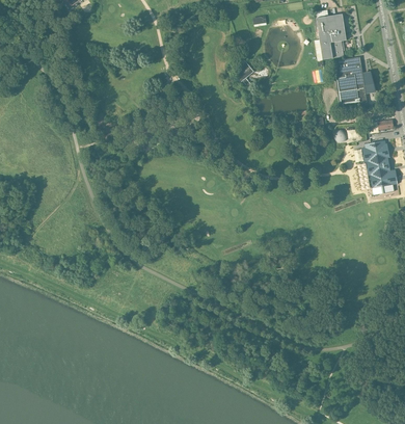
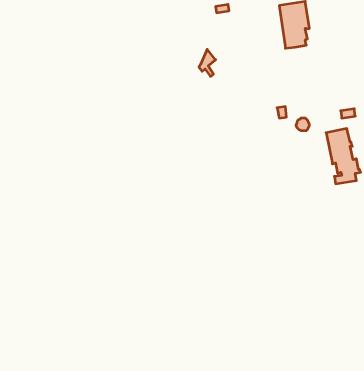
building: [334,56,375,109] -> none

